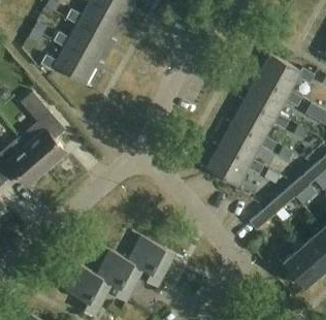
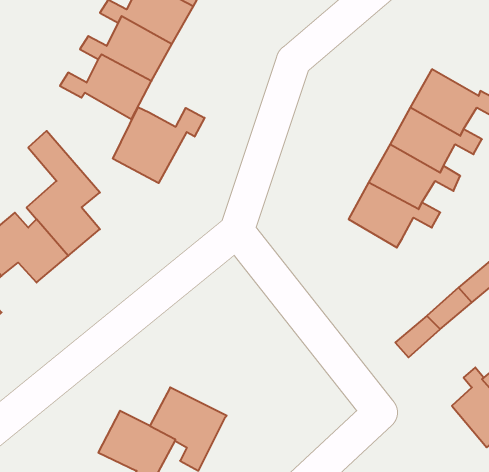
building: none -> [113,107,205,183]
building: [205,147,263,187] -> none
building: [127,235,174,287] -> none

